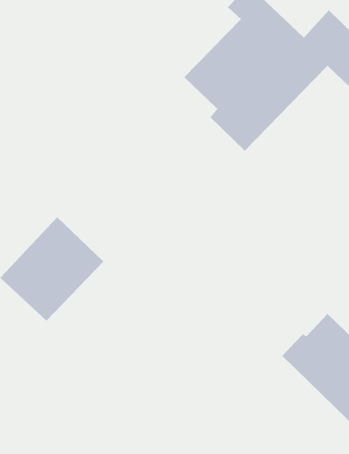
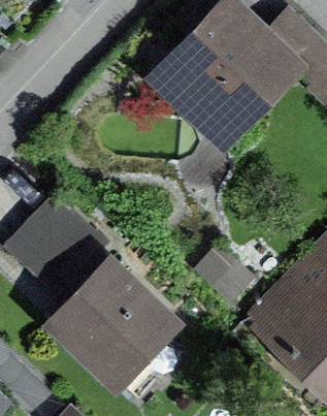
building: none -> [57,253,177,382]

